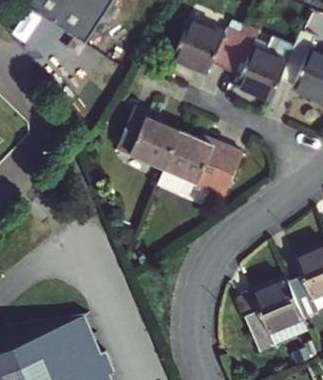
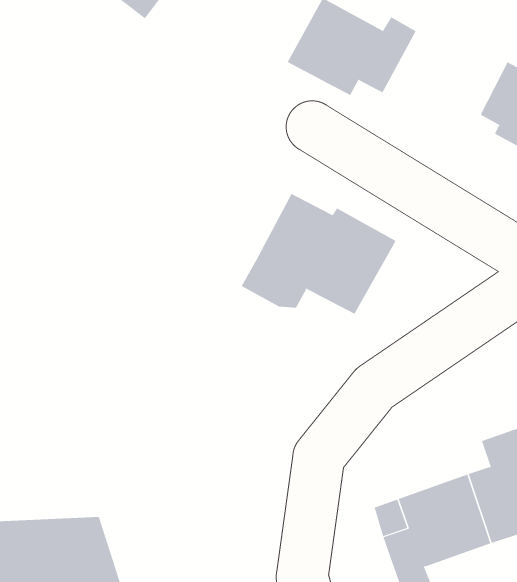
building: [226,35,294,102] -> none
building: [113,104,179,170] -> none

